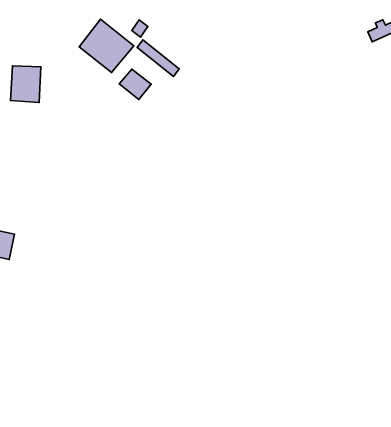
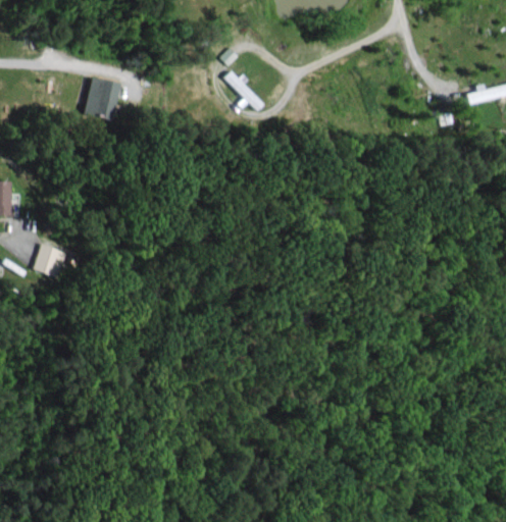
building: [79,19,134,73] -> none
building: [119,69,151,100] -> none

